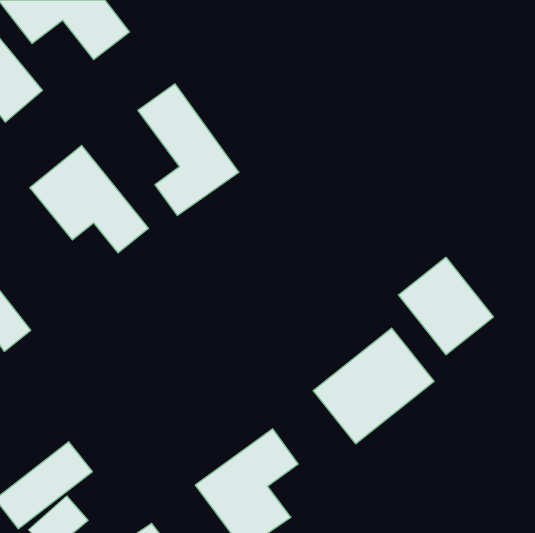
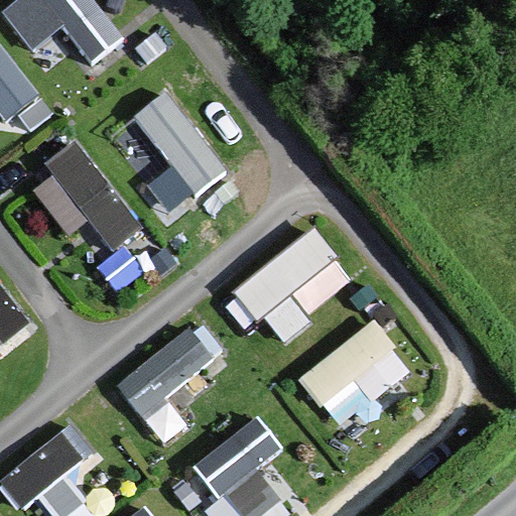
building: none -> [233,229,356,346]
building: [398,257,493,355] -> none
building: none -> [115,320,216,441]

